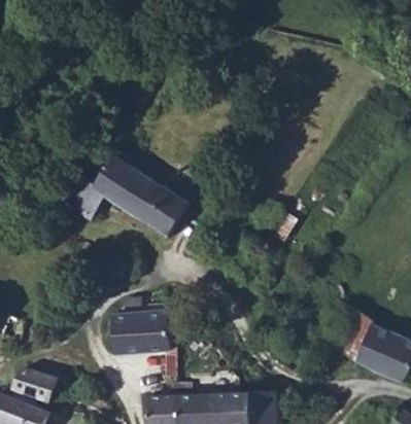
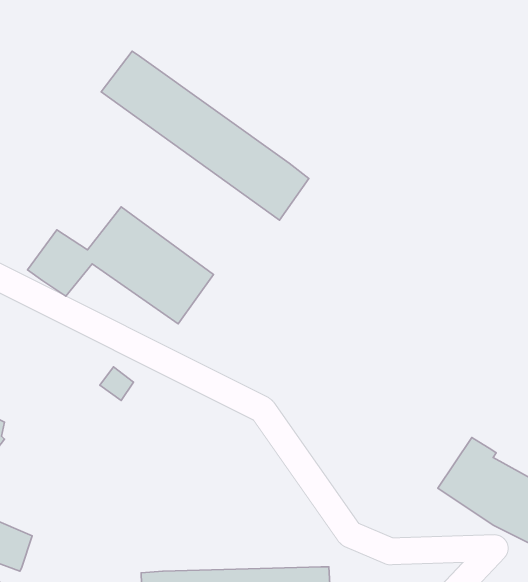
building: none -> [101,51,309,220]
building: [101,302,160,358] -> none

